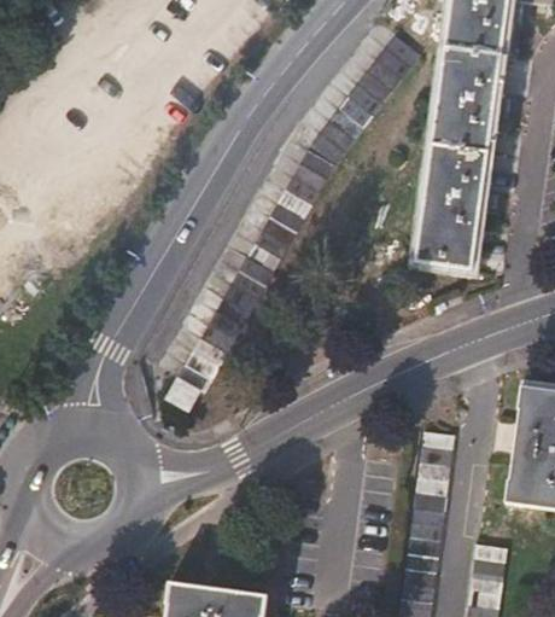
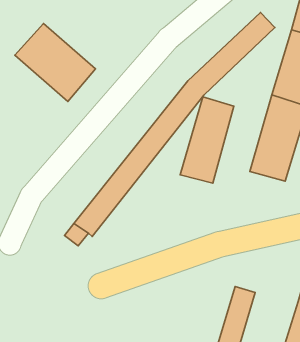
building: none -> [15,23,96,102]
building: none -> [180,97,234,183]

